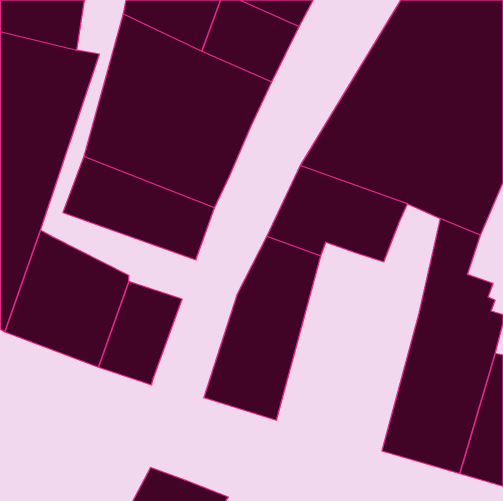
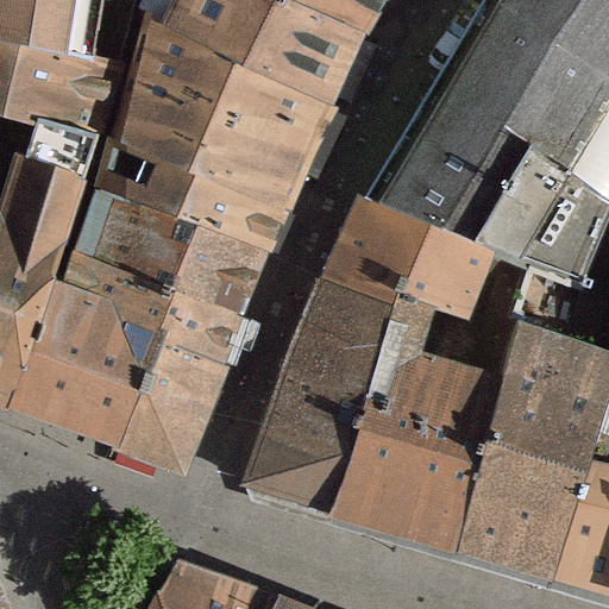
building: none -> [334,249,532,547]
building: none -> [64,259,237,364]

